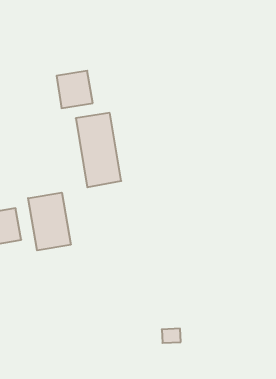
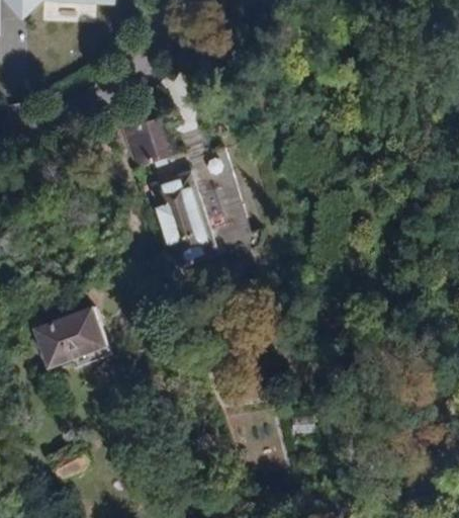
building: [28,193,71,250] -> none

